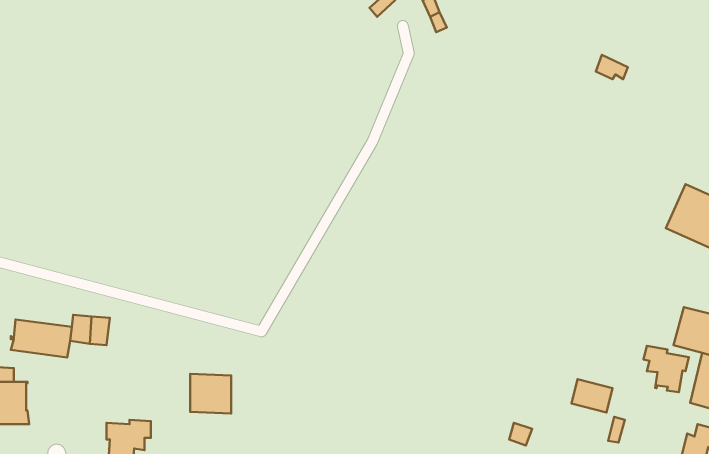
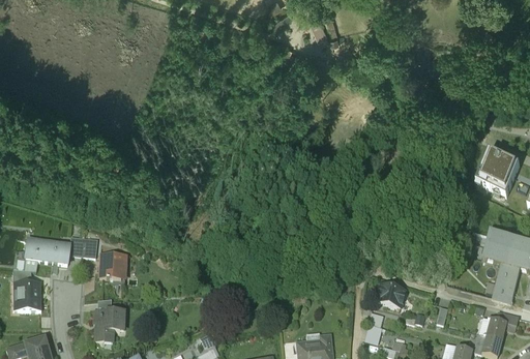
building: [644,346,689,392] -> none
building: [190,374,231,414] -> [98,250,126,277]
building: [572,379,613,413] -> [376,283,404,306]

